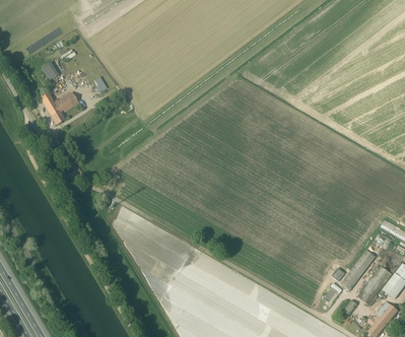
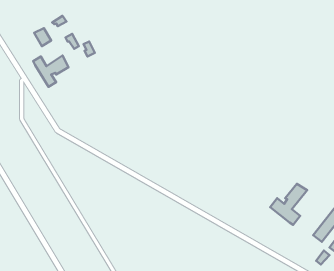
building: none -> [270,184,307,225]

